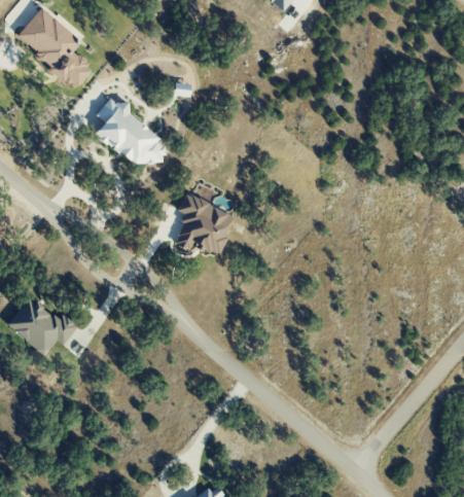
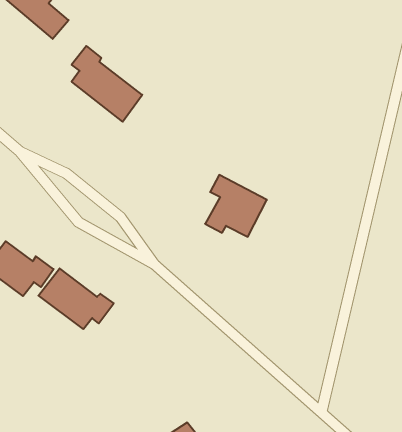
building: [172,192,236,256] -> [205,175,267,237]
building: none -> [38,268,114,329]

